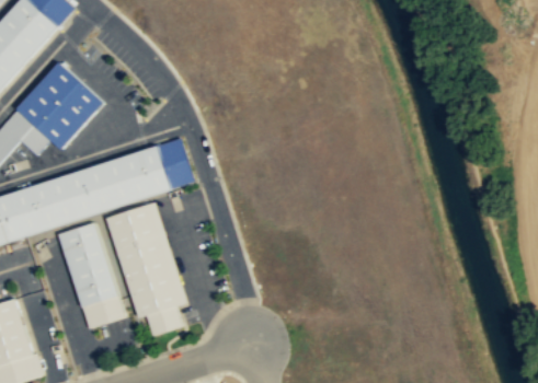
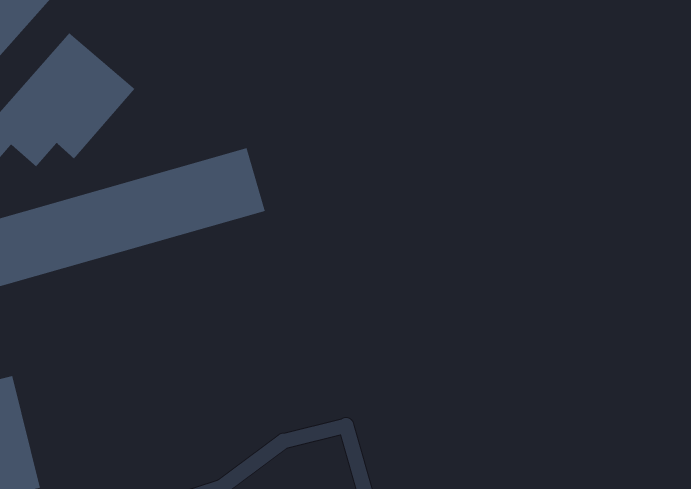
building: [107,204,185,336] -> none
building: [59,223,123,329] -> none

